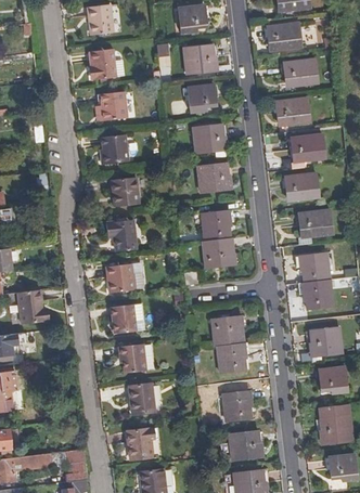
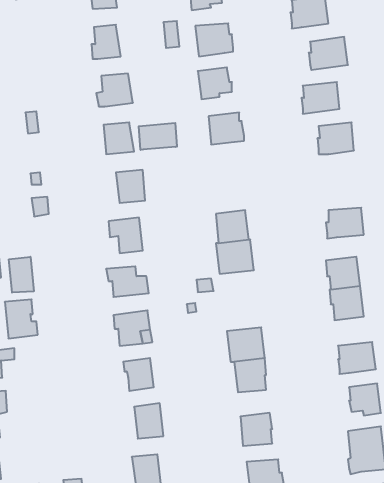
building: none -> [139,123,177,150]
building: [197,164,232,193] -> none
building: [286,173,319,200] -> none
building: none -> [9,257,34,293]

